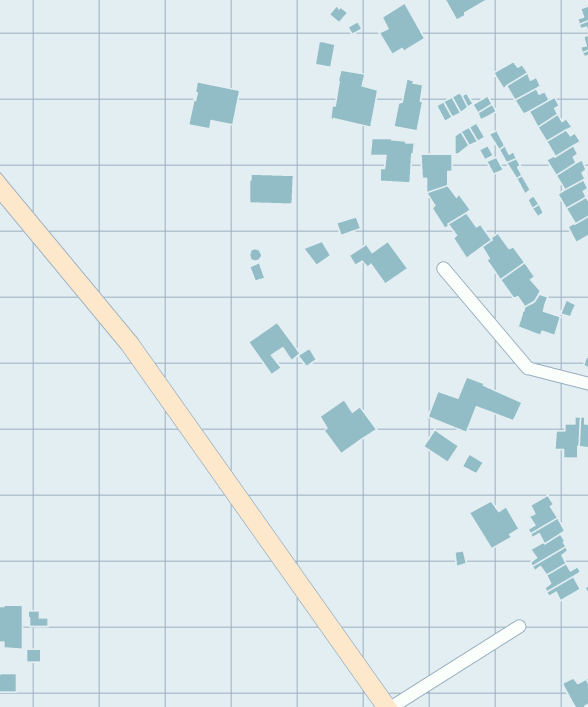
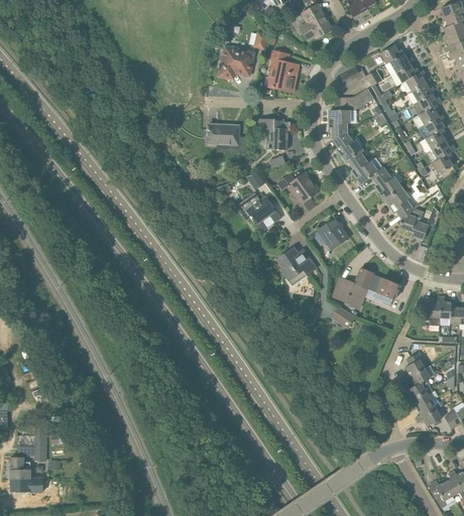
building: [394,79,423,131] -> none
building: [188,82,240,129] -> [219,45,255,79]
building: [370,138,415,183] -> [259,119,291,150]
building: none -> [318,217,350,250]
building: [249,322,300,375] -> [245,196,281,233]
building: [320,399,377,454] -> [277,247,318,285]
building: [469,501,519,549] -> none

